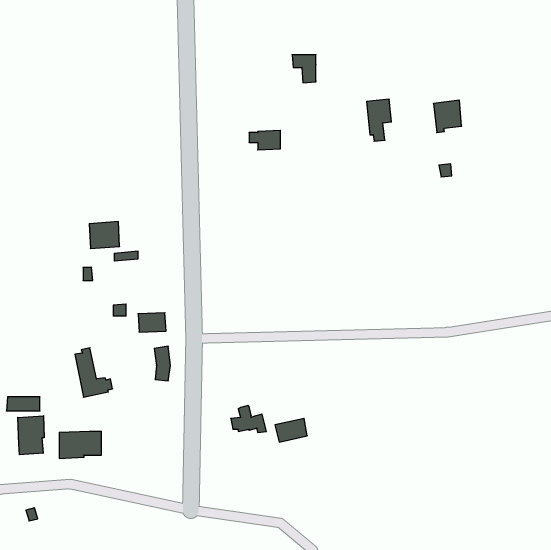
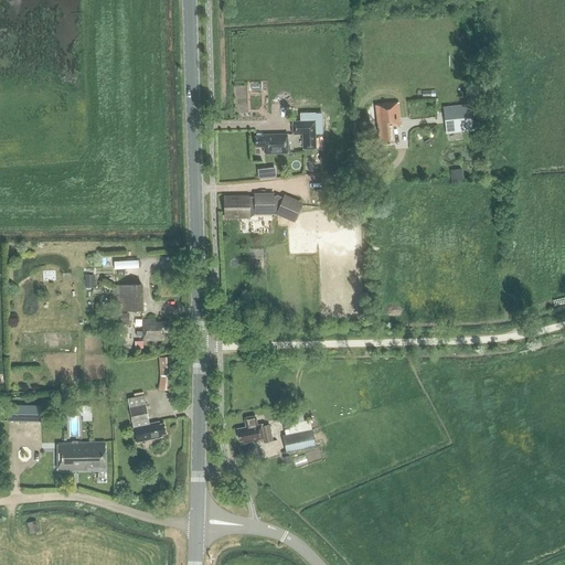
building: [292,55,316,83] -> [291,120,316,149]
building: none -> [224,195,301,220]
building: [89,222,120,249] -> [113,282,143,310]
building: [75,348,113,397] -> [127,391,166,441]
building: [18,416,44,455] -> none

